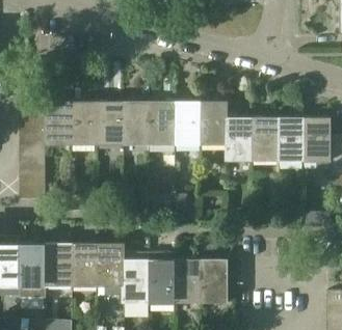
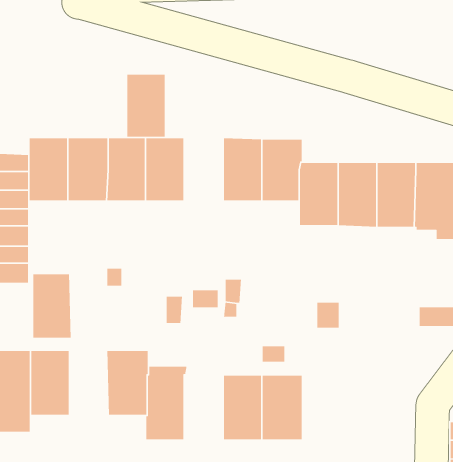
building: [149,101,175,143] -> [127,74,165,137]
building: [72,243,98,286] -> [33,273,71,339]
building: [149,252,175,303] -> none

